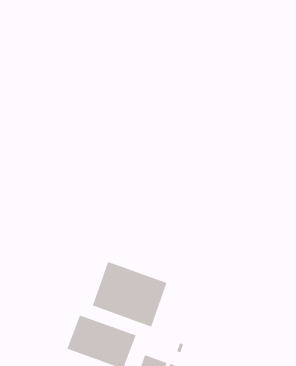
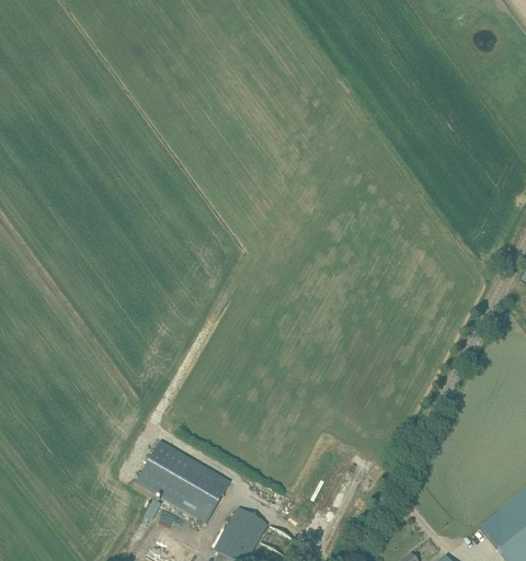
building: [92,261,167,327] -> none

